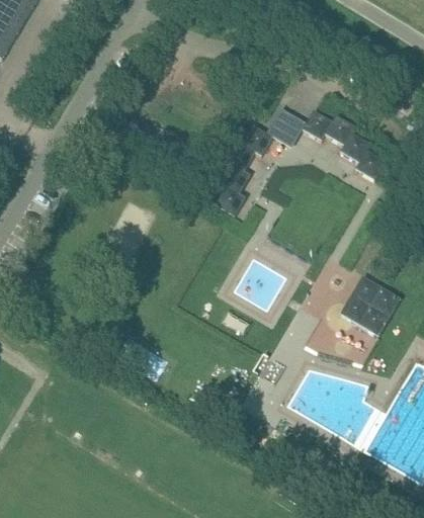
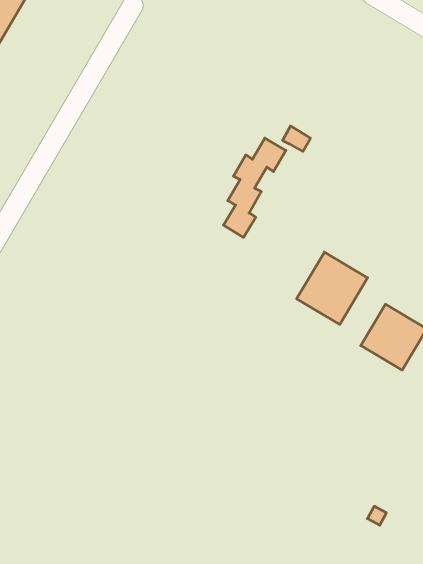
building: [301,109,385,180] -> none
building: none -> [297,252,368,324]

